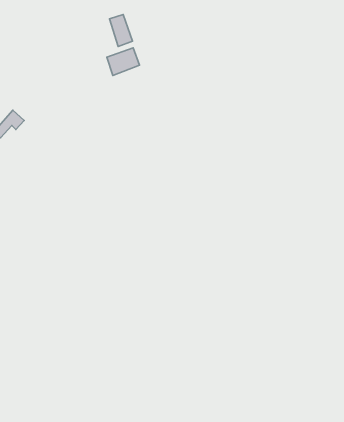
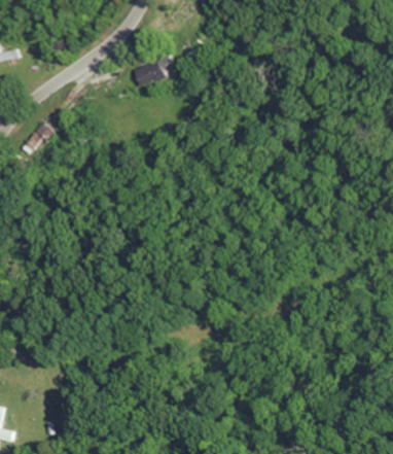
building: [110,14,133,46] -> none

